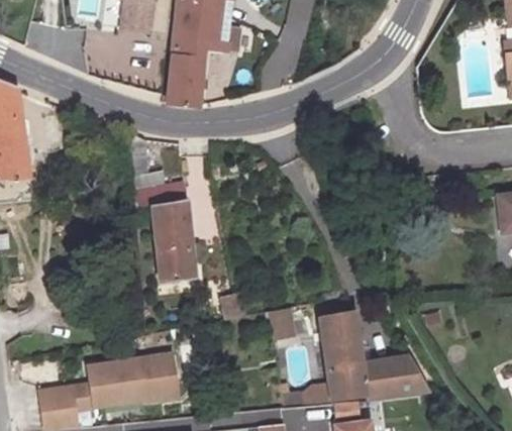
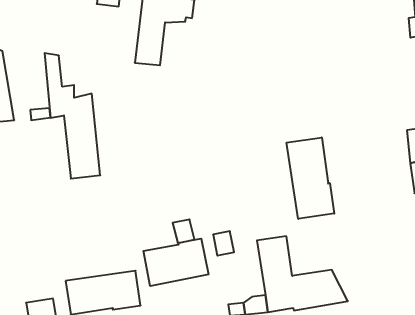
building: [127,130,194,281] -> [45,53,100,179]
building: none -> [287,137,334,219]
building: none -> [143,239,208,286]

